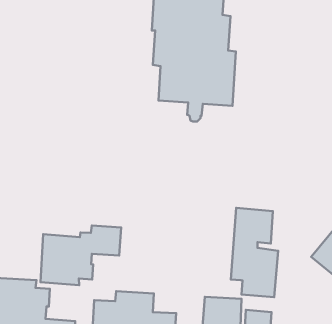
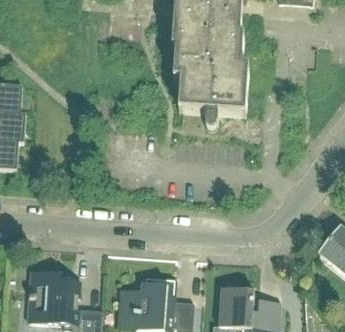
building: [231,208,278,297] -> none
building: [40,225,121,285] -> none

